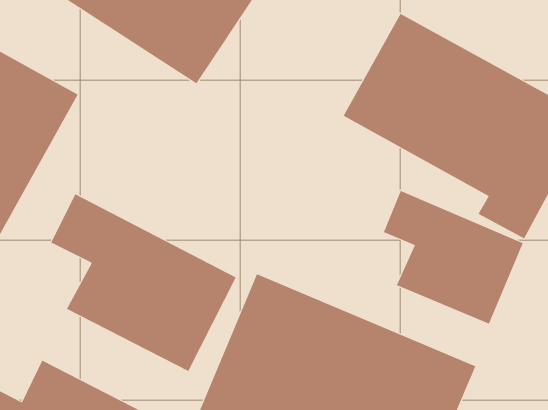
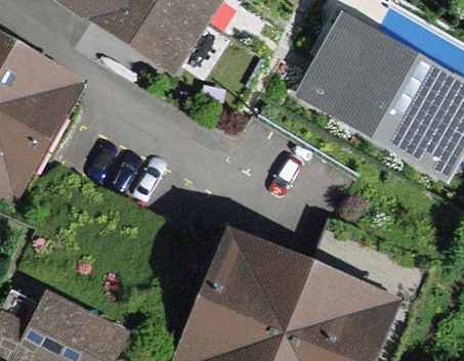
building: [383,190,523,325] -> none
building: [51,193,237,372] -> none

